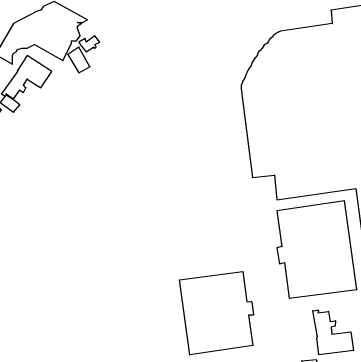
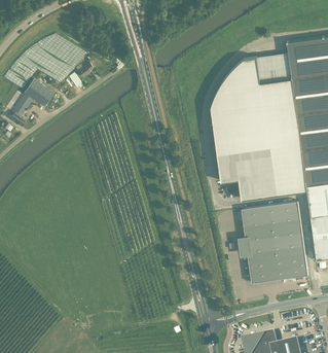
building: [179,272,253,355] -> none
building: [313,310,354,355] -> none

